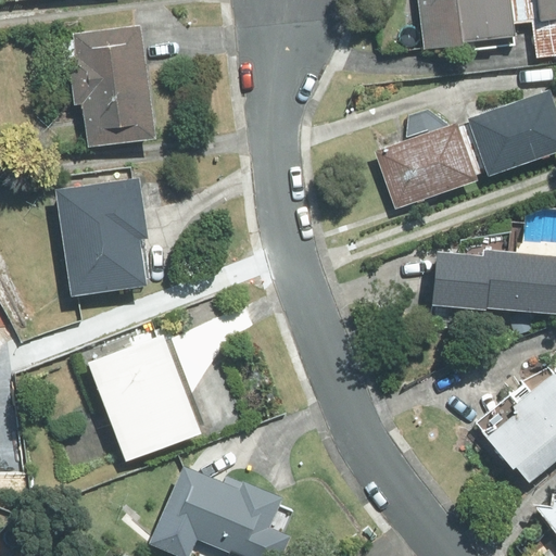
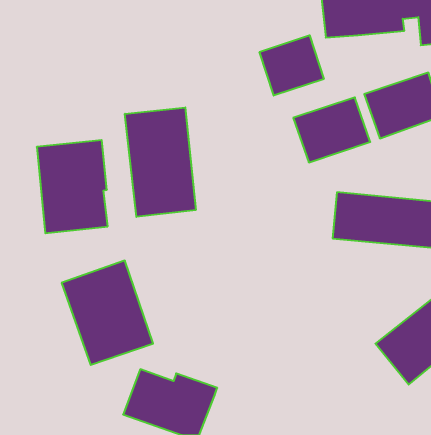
building: [60,25,153,150] -> none
building: none -> [260,35,324,96]
building: none -> [125,107,196,217]

